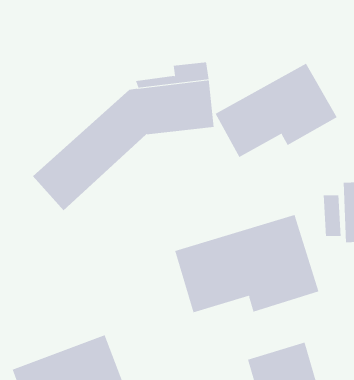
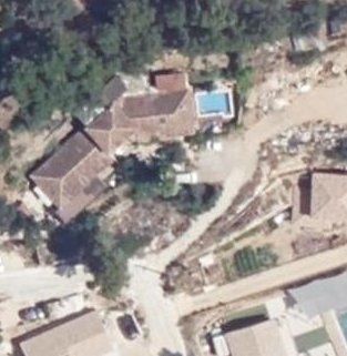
building: [215,63,337,158] -> none
building: [175,214,319,313] -> none

